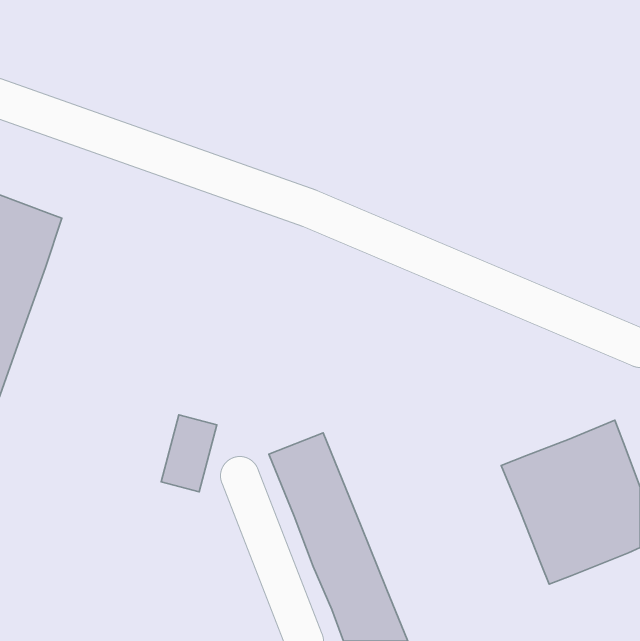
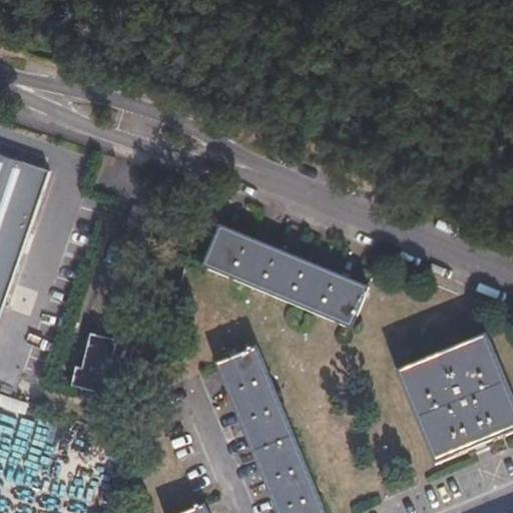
building: none -> [202,223,371,330]
building: [161,415,217,492] -> [74,328,118,389]

